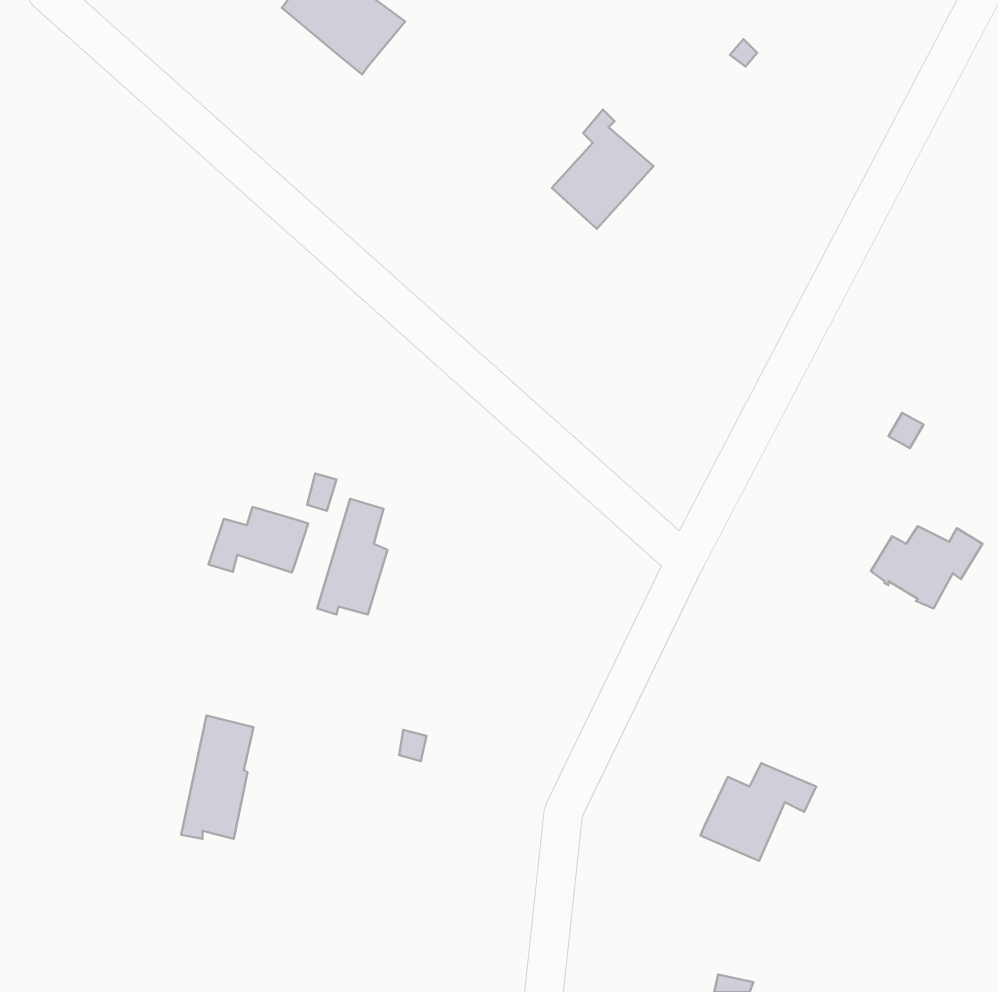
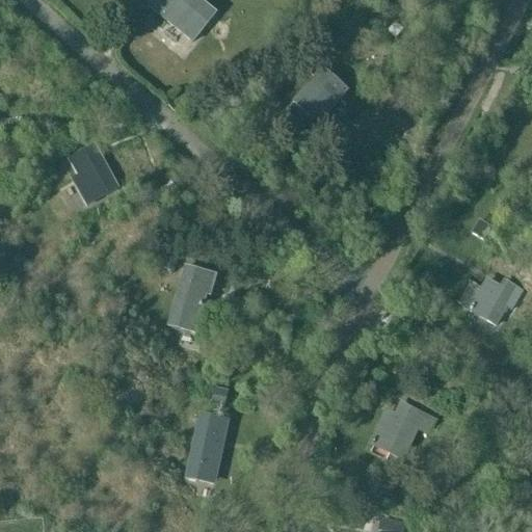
building: none -> [71,145,117,200]
building: [209,507,308,573] -> none
building: [181,716,253,839] -> [187,413,225,478]

